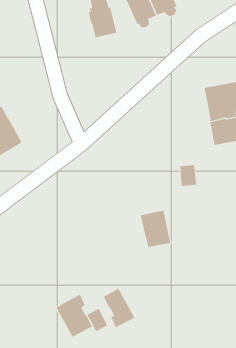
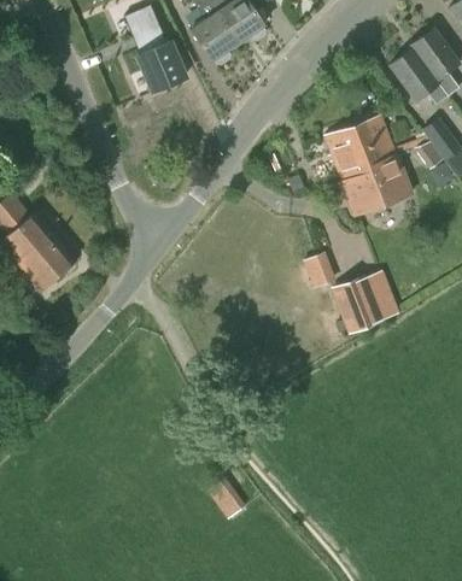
building: [140,210,171,248] -> [332,276,384,334]
building: [103,288,135,328] -> none
building: [56,294,93,338] -> none

